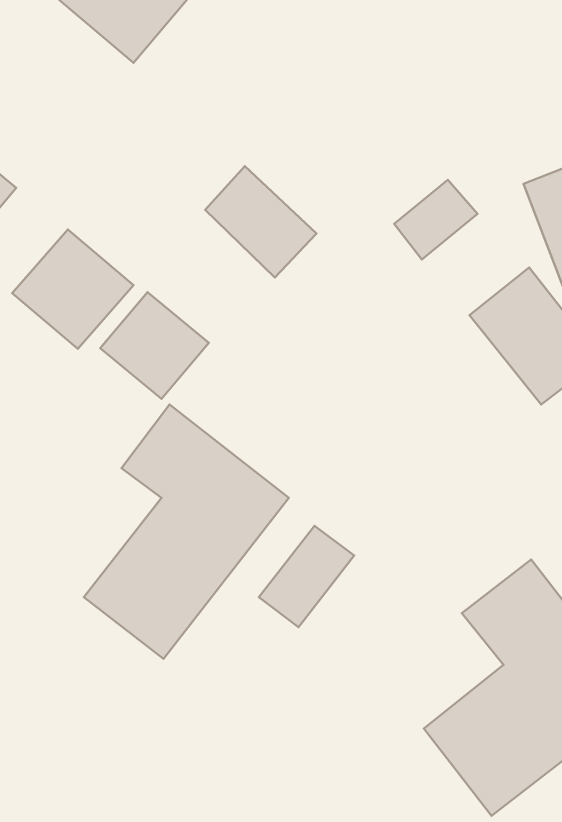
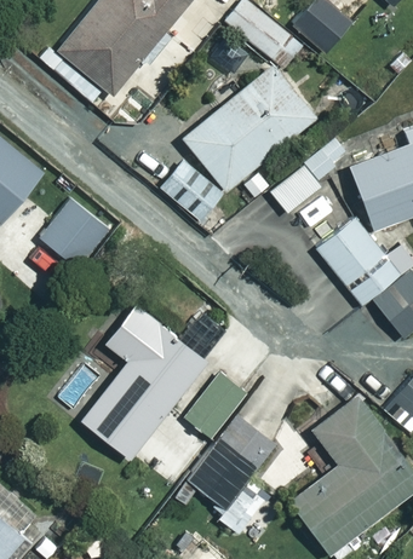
building: none -> [183,65,315,191]
building: [100,292,209,399] -> none
building: none -> [190,417,276,512]

